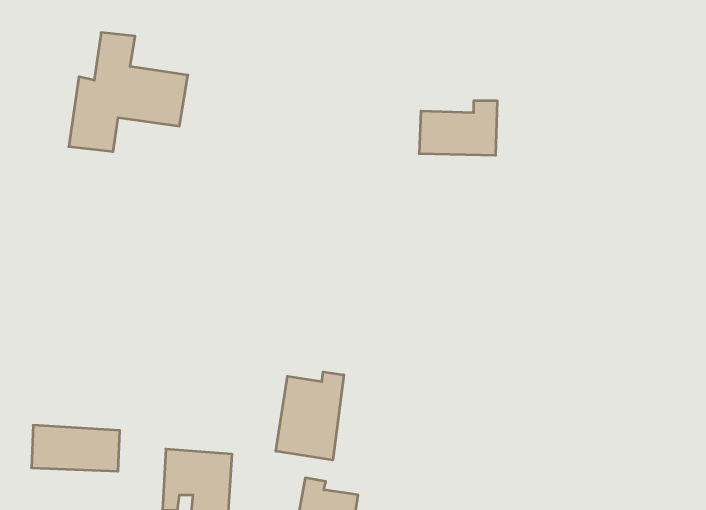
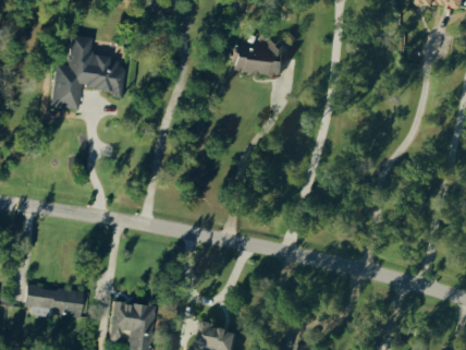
building: [419,101,497,155] -> [232,38,282,73]
building: [276,372,344,460] -> none

